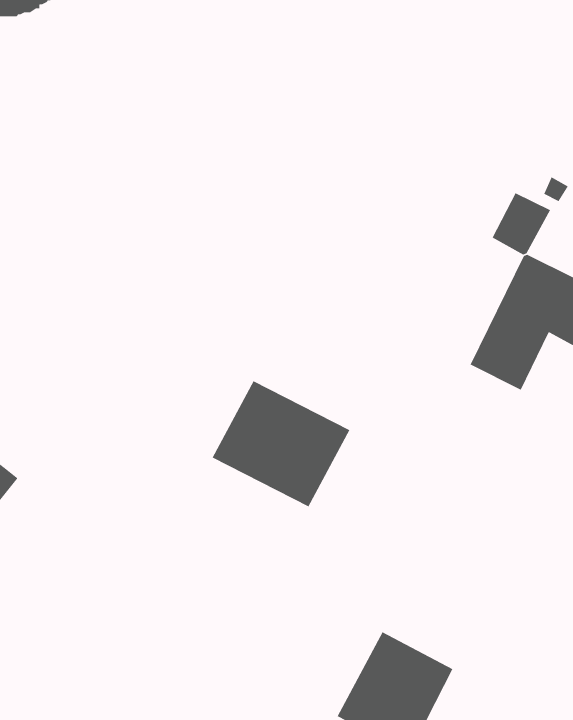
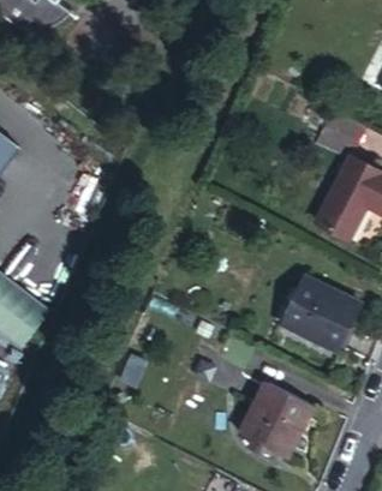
building: [211,380,351,507] -> [277,276,362,353]

